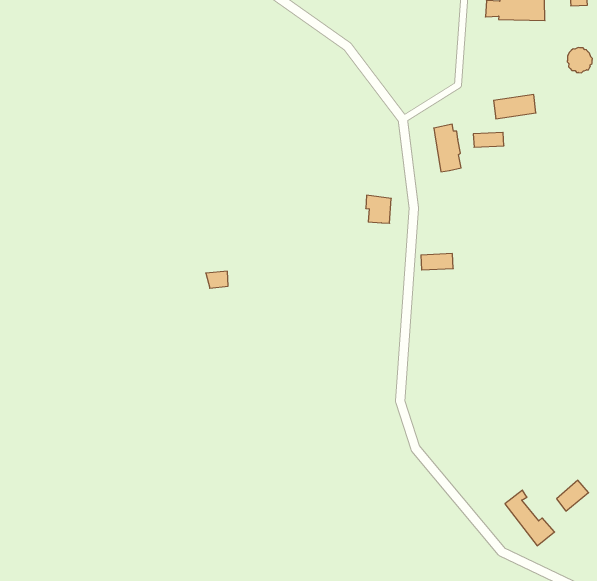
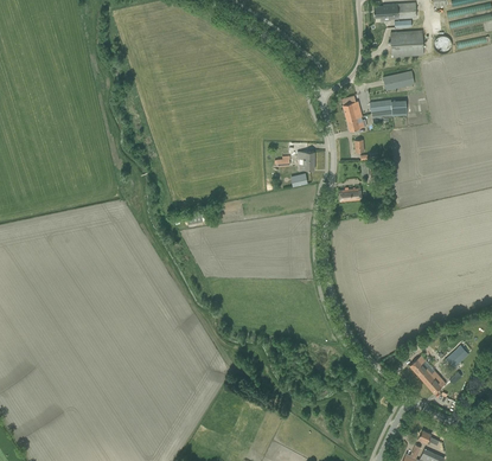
building: none -> [391,30,424,57]

